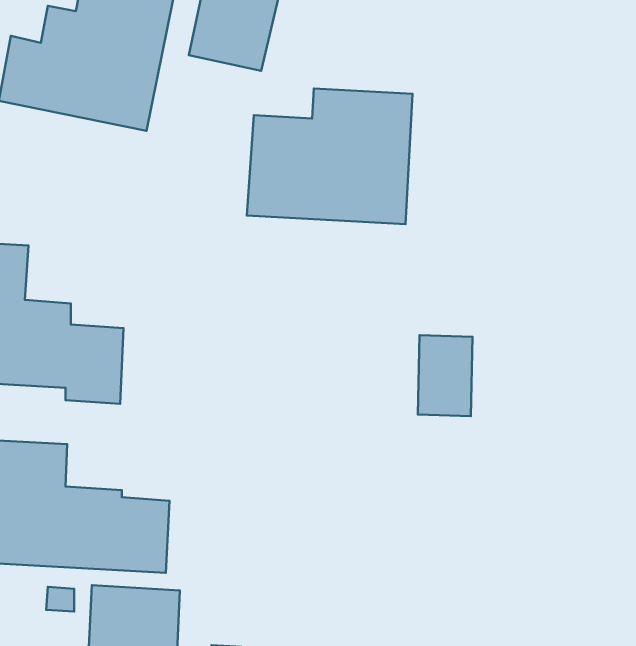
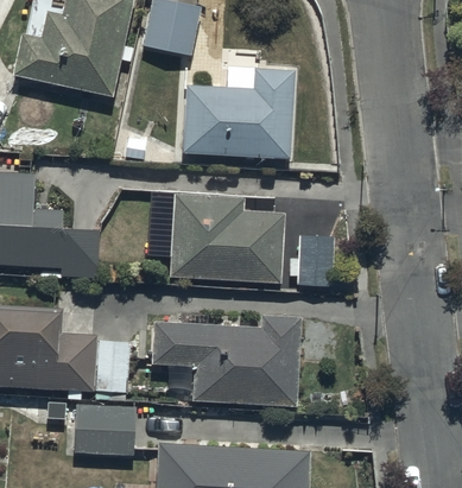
building: none -> [171,194,284,283]
building: none -> [151,313,300,405]

